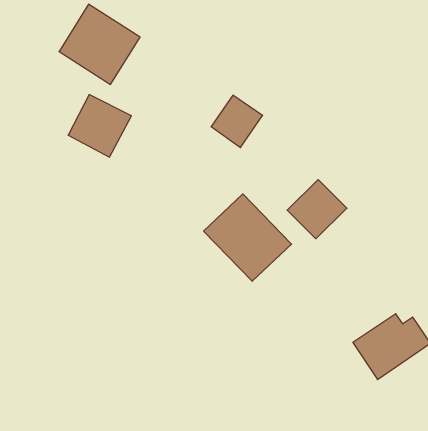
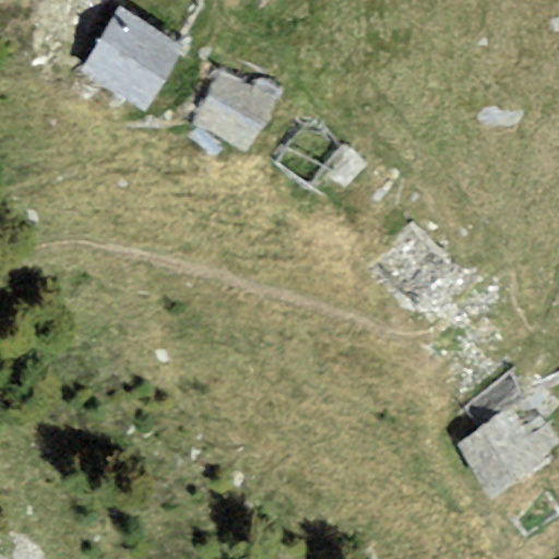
building: [68,95,131,157] -> [193,69,275,150]
building: [204,194,292,281] -> none

